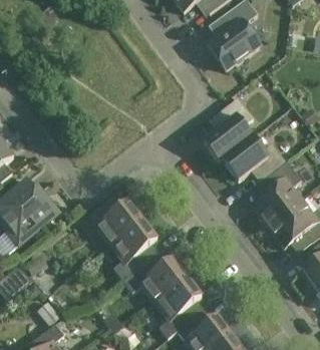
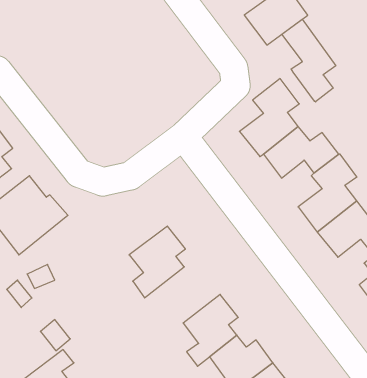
building: none -> [282,19,336,102]
building: [90,198,142,245] -> none
building: [123,255,187,302] -> none

